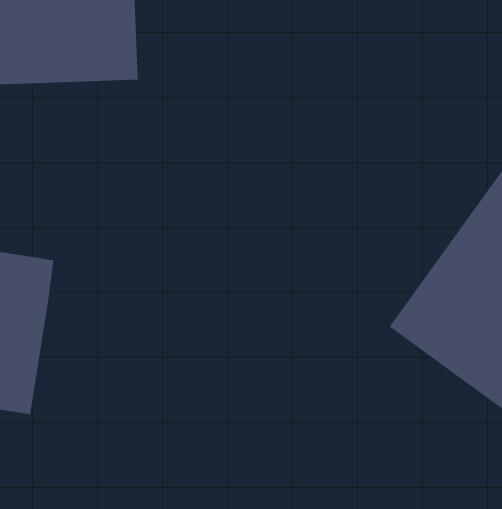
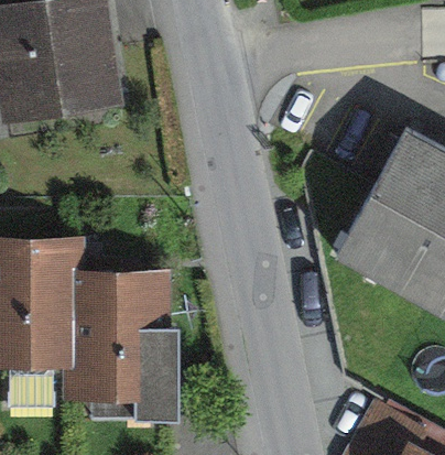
building: none -> [75,275,174,414]

